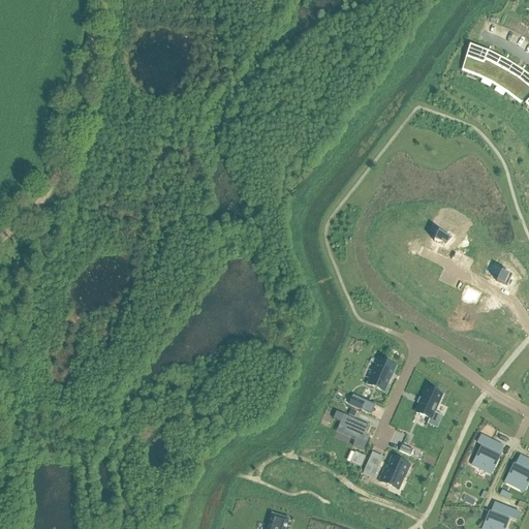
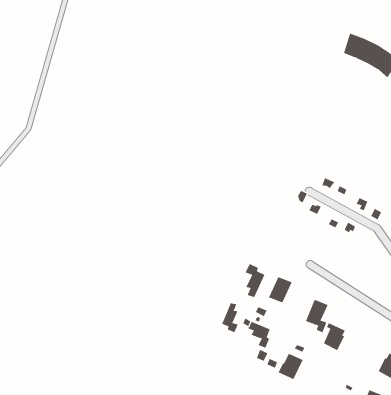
building: none -> [245,263,265,298]
building: none -> [222,302,238,333]
building: [473,434,502,470] -> [323,322,346,351]

